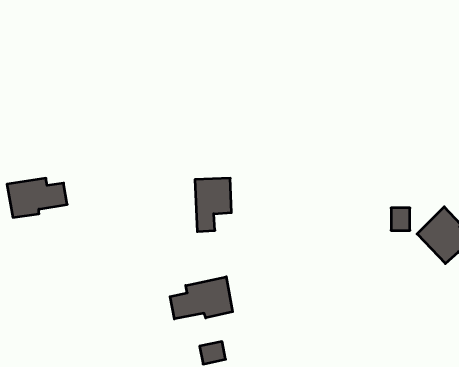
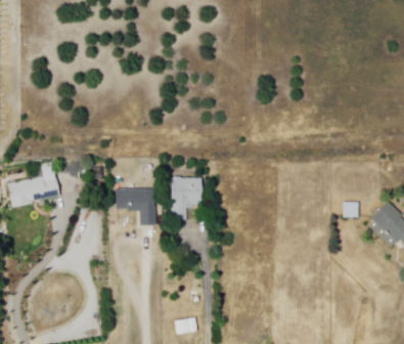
building: none -> [116,185,158,225]
building: [170,277,233,319] -> none

